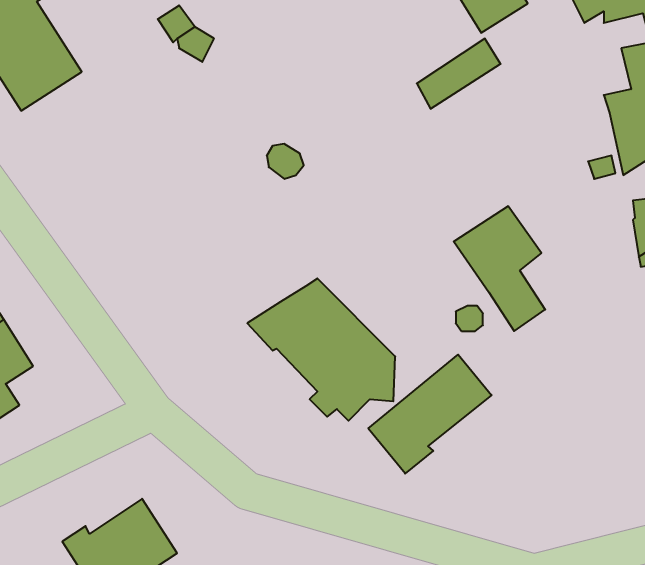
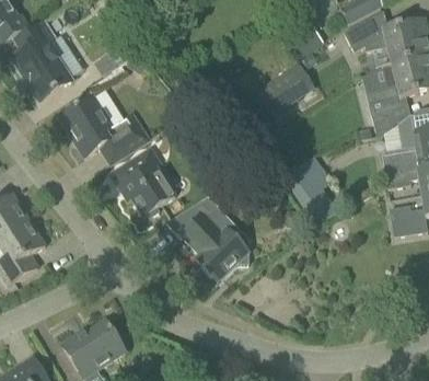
building: none -> [58,94,148,160]
building: none -> [108,145,176,215]
building: [368,355,492,474] -> none

